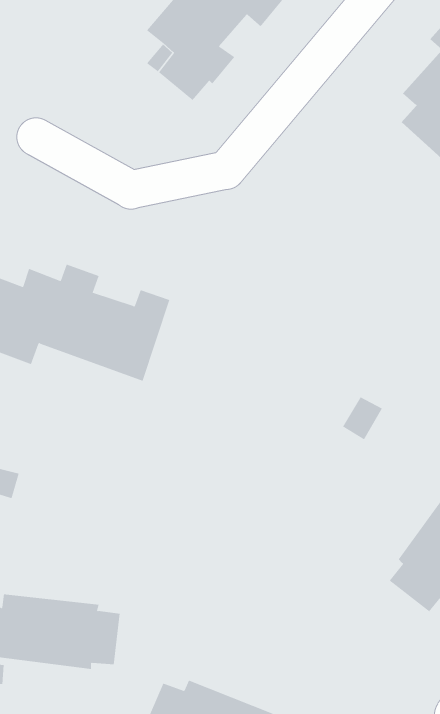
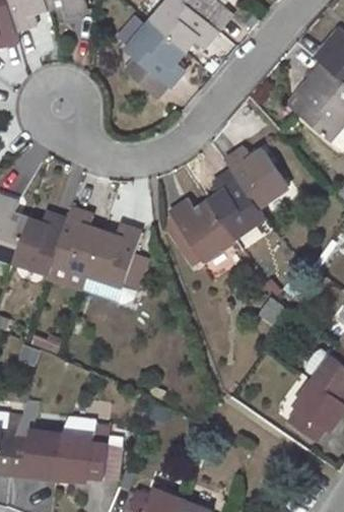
building: none -> [168,147,288,261]

